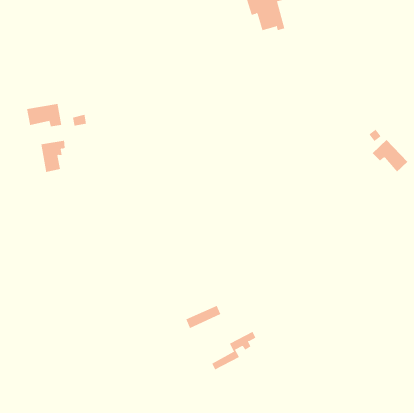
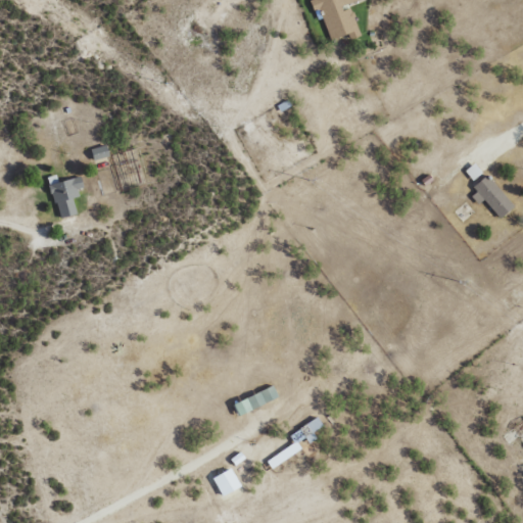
building: [27,103,62,127] -> none
building: none -> [212,468,241,495]

